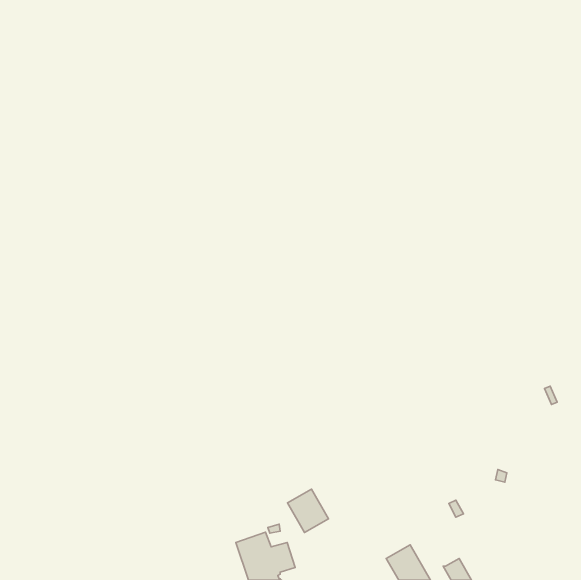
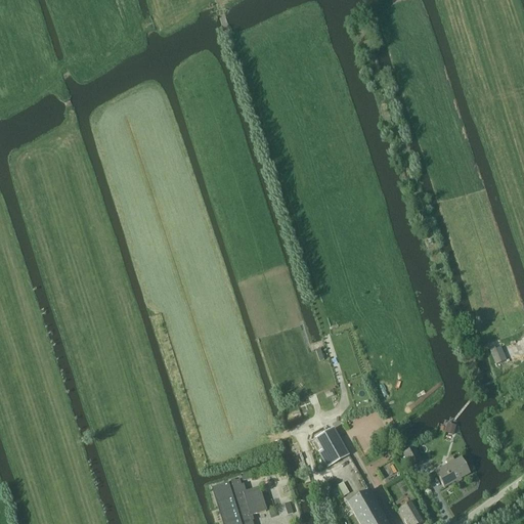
building: [288,489,329,533] -> [312,427,349,466]
building: none -> [437,455,471,486]

